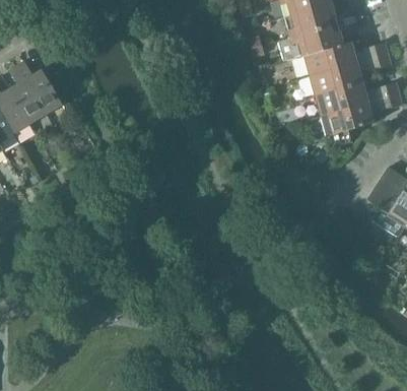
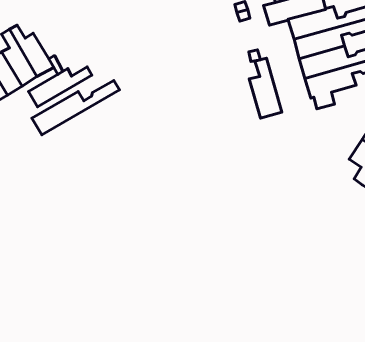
building: none -> [249,58,282,118]
building: none -> [28,67,92,107]
building: none -> [32,80,119,135]

